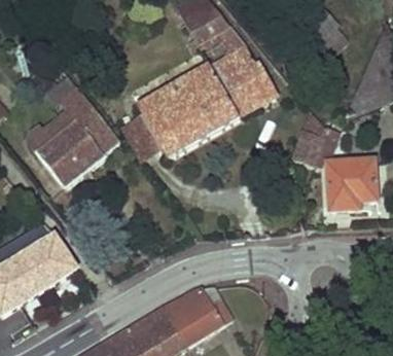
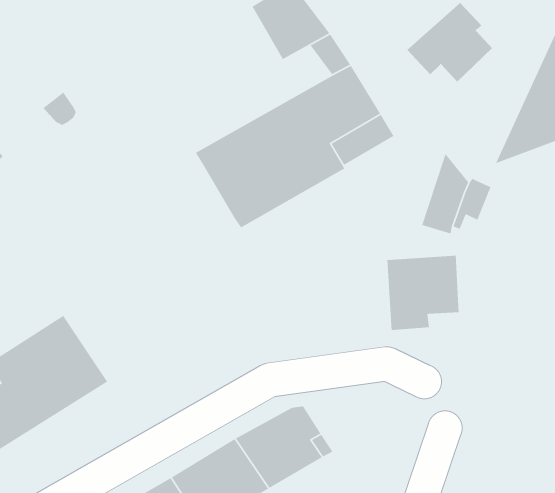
building: [29,87,122,188] -> none
building: [121,116,163,165] -> none
building: [327,158,378,211] -> [387,255,460,331]

